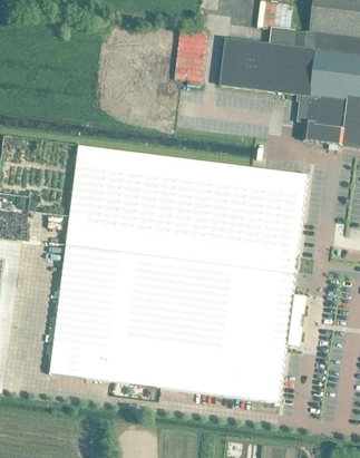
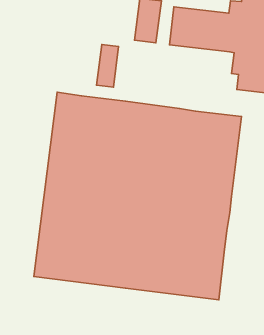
building: none -> [97,44,119,87]

